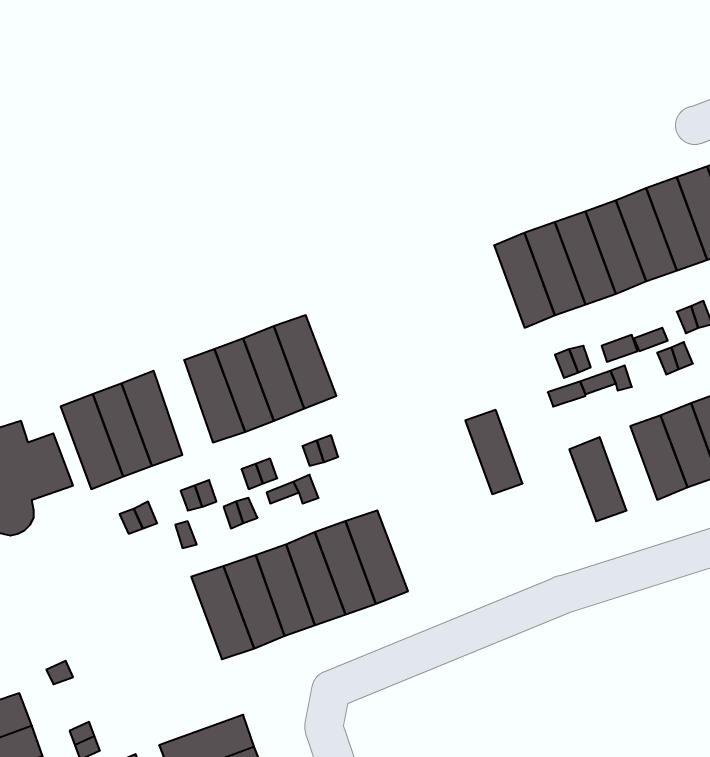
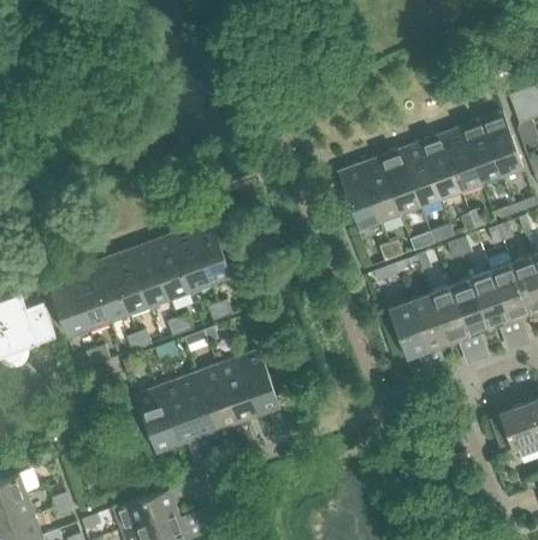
building: none -> [108,250,148,314]
building: [465,410,523,494] -> [408,295,447,351]

